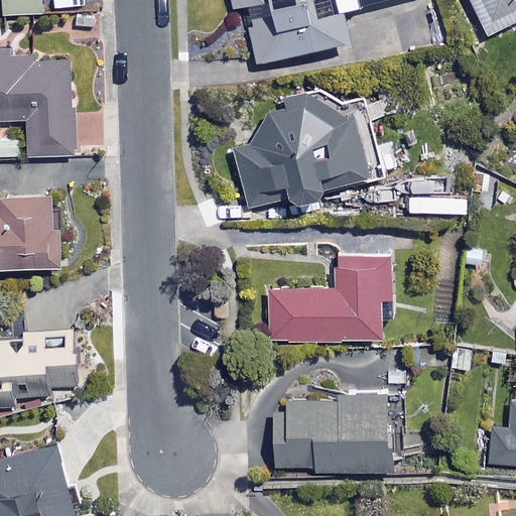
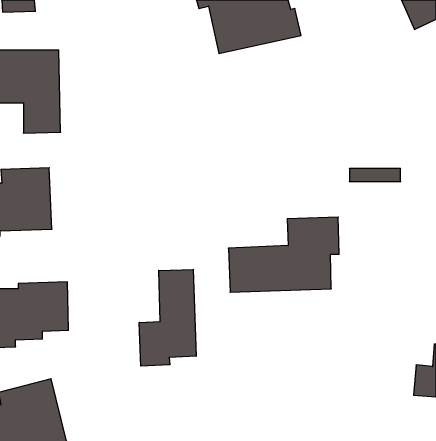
building: [234,89,372,208] -> none
building: none -> [139,269,196,366]
building: [275,394,421,472] -> none

